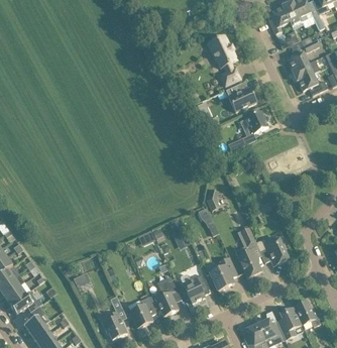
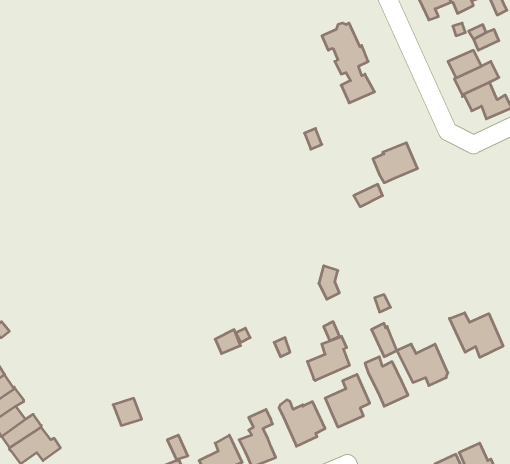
building: [225,81,256,111] -> none
building: none -> [449,313,503,357]
building: none -> [307,336,349,381]

